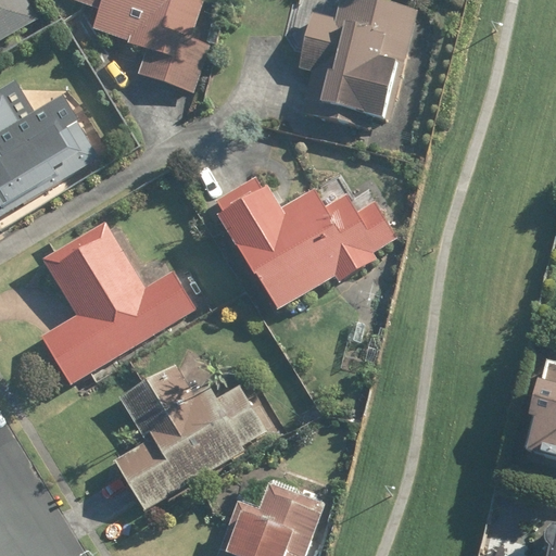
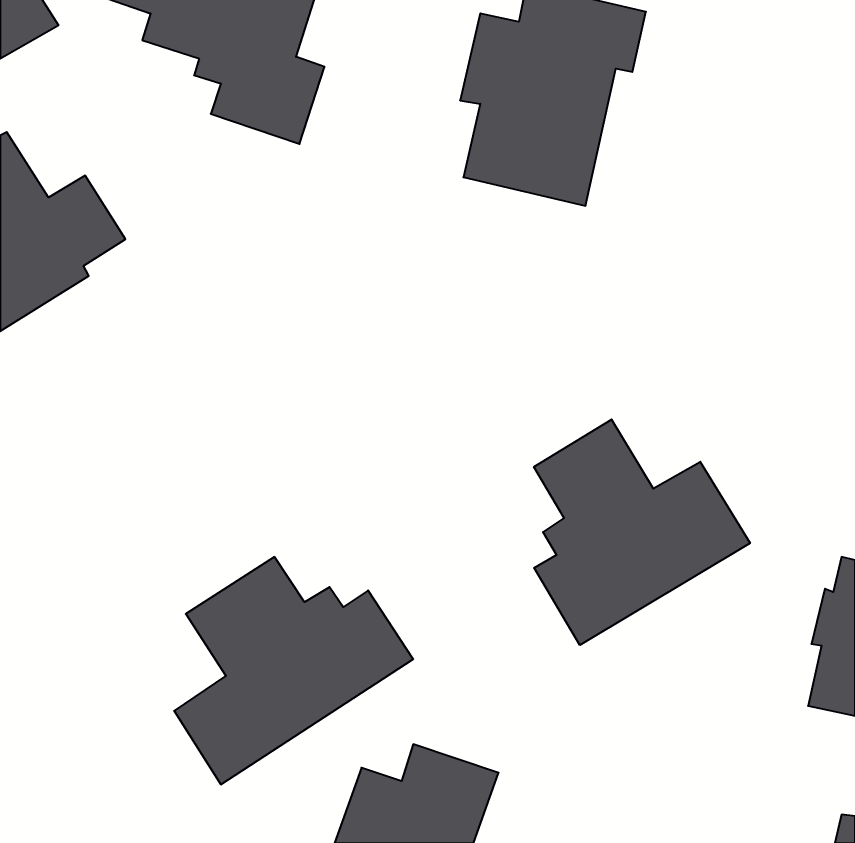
building: [214,172,399,313] -> none
building: [41,220,198,382] -> none
building: none -> [534,419,750,645]

